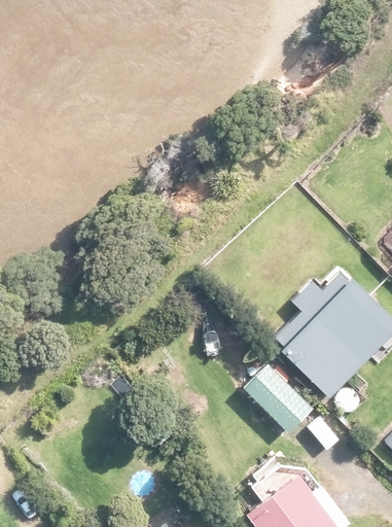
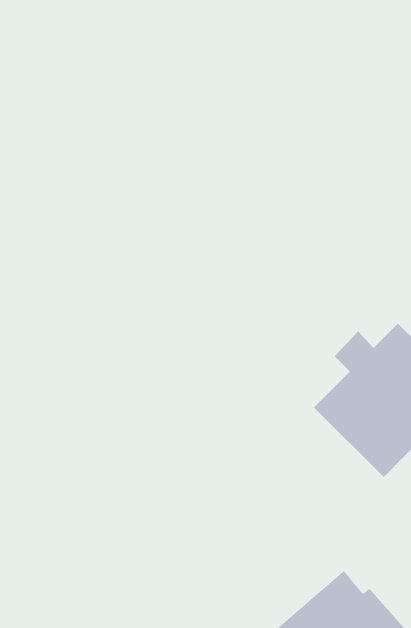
building: [243,362,316,435] -> none

